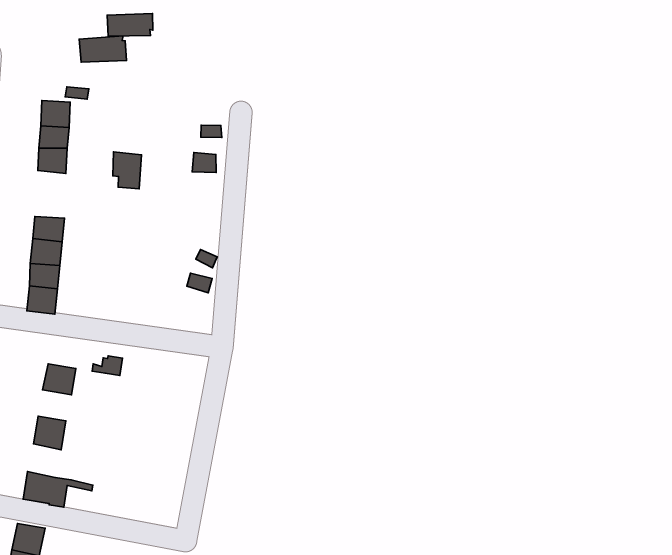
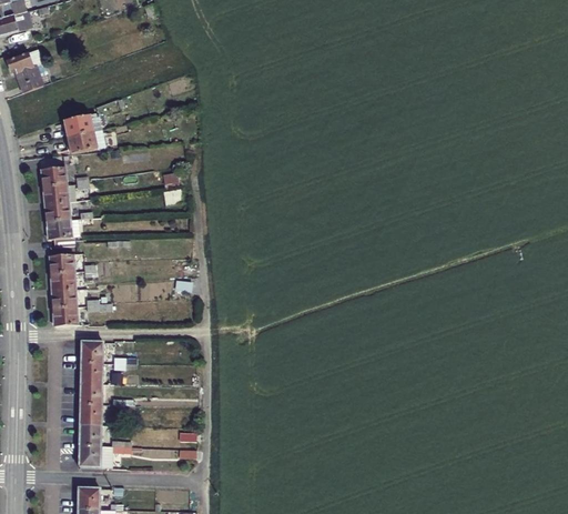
building: [107,13,153,36] -> [68,131,103,153]
building: [113,152,142,189] -> [49,222,72,249]
building: none -> [80,341,102,365]
building: none -> [79,385,101,405]
building: none -> [78,426,100,449]

